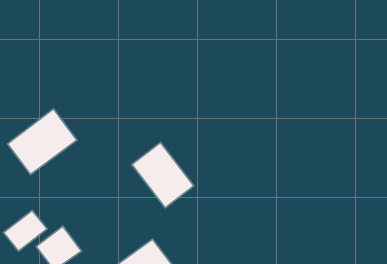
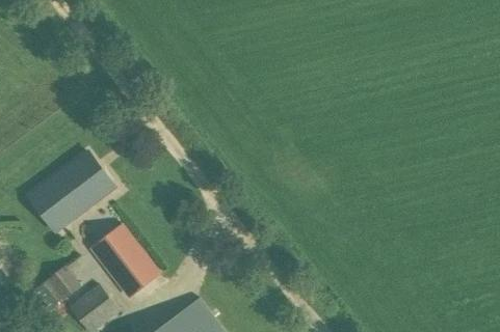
building: [132,142,194,208] -> [89,222,159,296]

